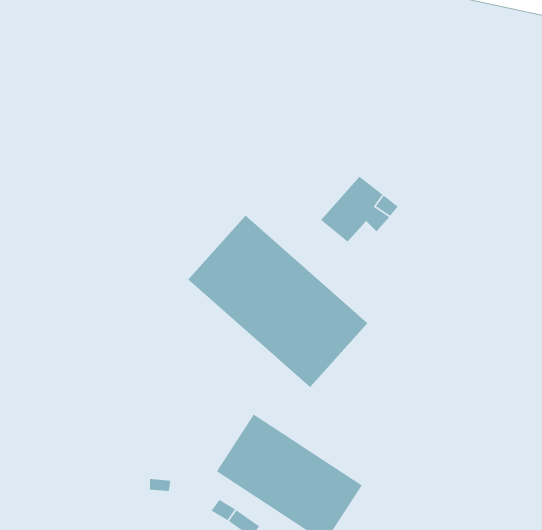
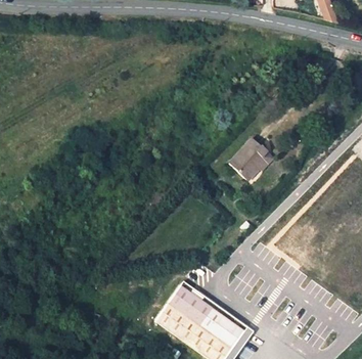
building: [188,215,368,388] -> none

